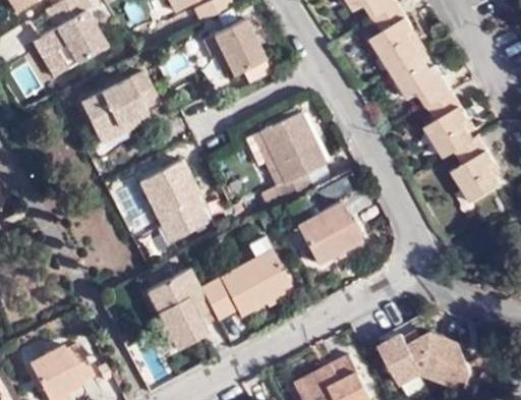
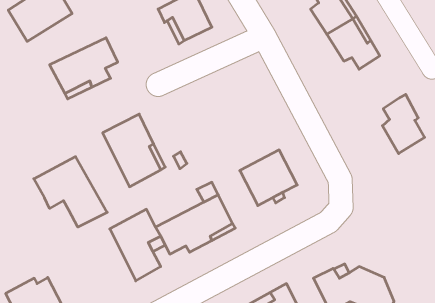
building: [428,95,475,161] -> none
building: [257,115,323,205] -> none
building: none -> [34,157,107,227]

